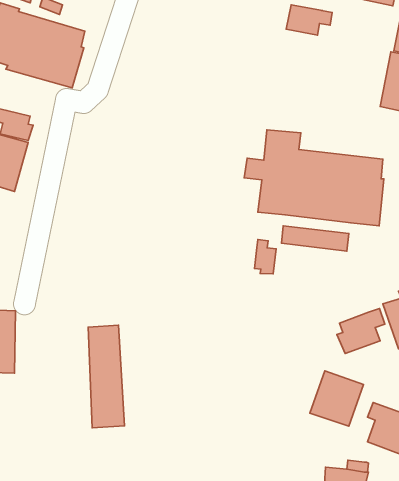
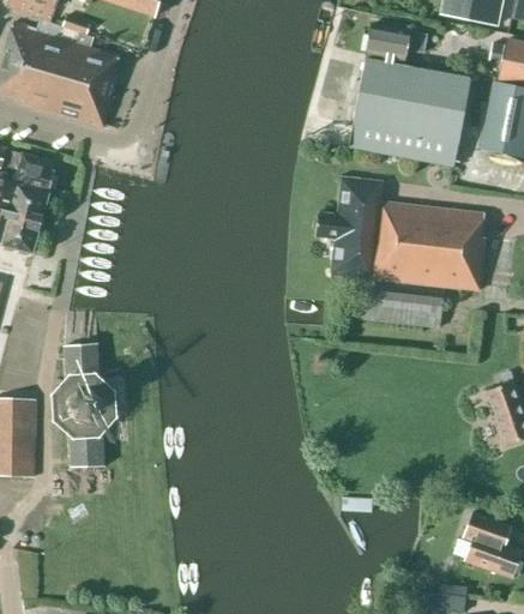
building: none -> [349,58,470,165]
building: [254,240,276,274] -> none
building: [337,309,385,353] -> none
building: [88,325,124,428] -> [62,342,107,468]
building: [310,371,363,426] -> none

